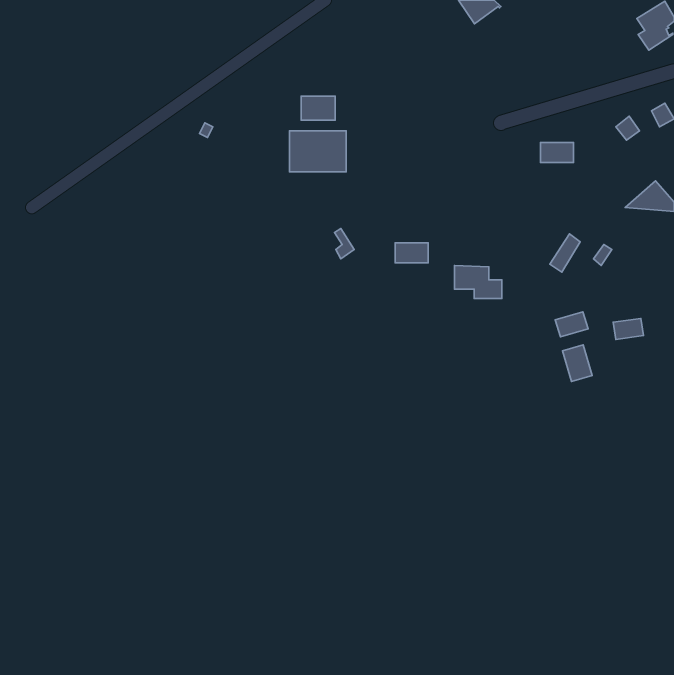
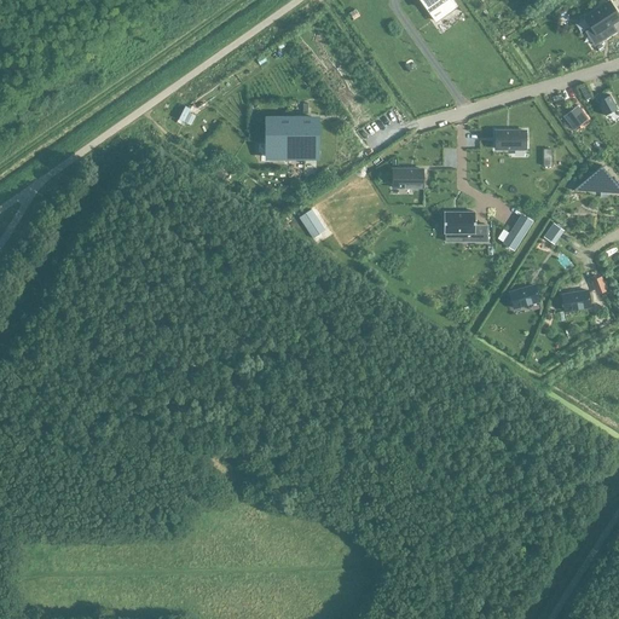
building: [301,96,335,120] -> none
building: [395,243,428,263] -> [392,169,422,187]
building: [454,265,502,298] -> [442,212,486,242]
building: [563,345,592,381] -> none

